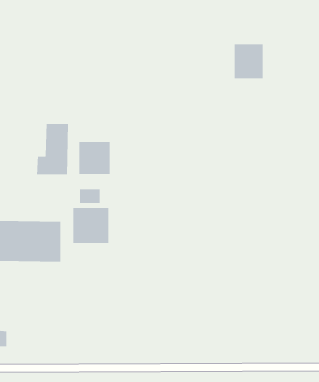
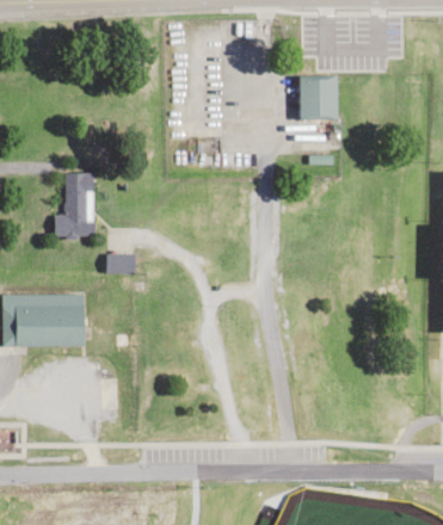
building: [79,141,110,175] -> none
building: [73,207,109,244] -> none

